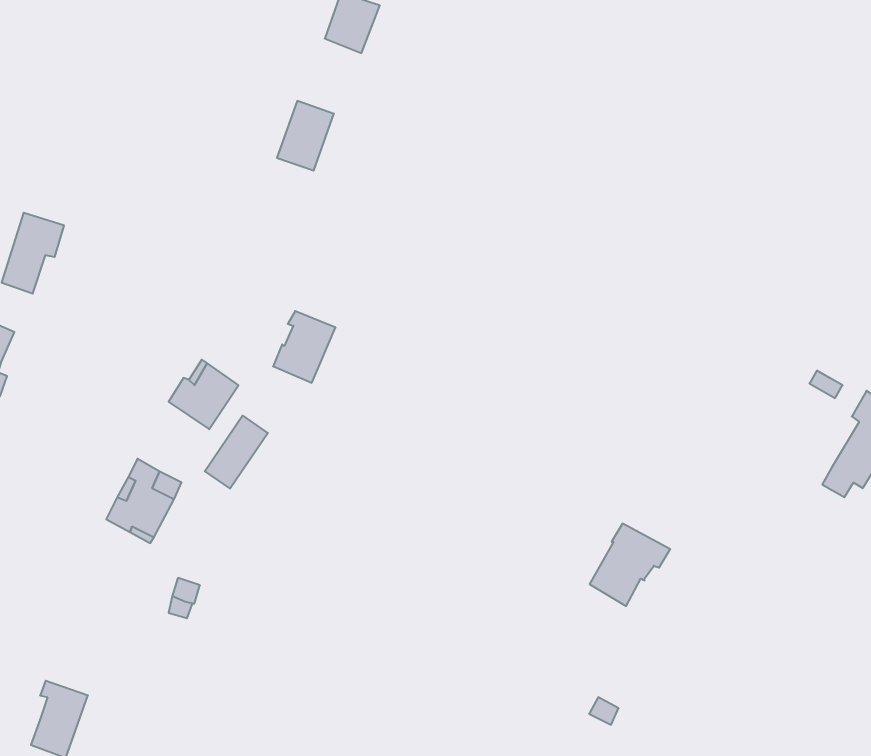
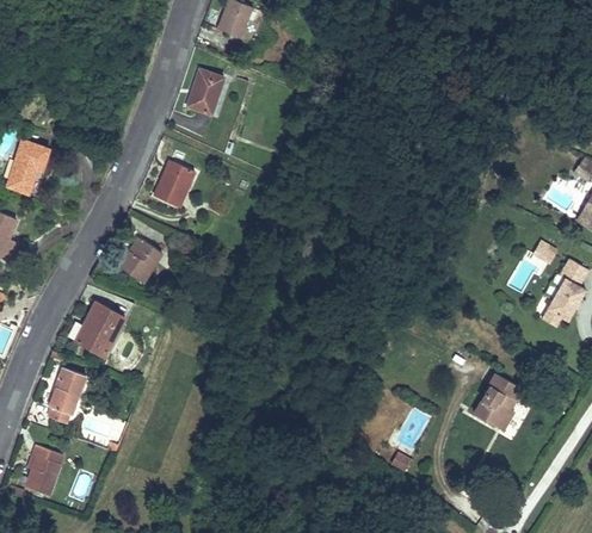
building: [273,311,336,383] -> [155,161,196,207]
building: [205,416,268,489] -> none
building: [590,524,670,606] -> [474,374,526,428]
building: none -> [49,367,87,423]

